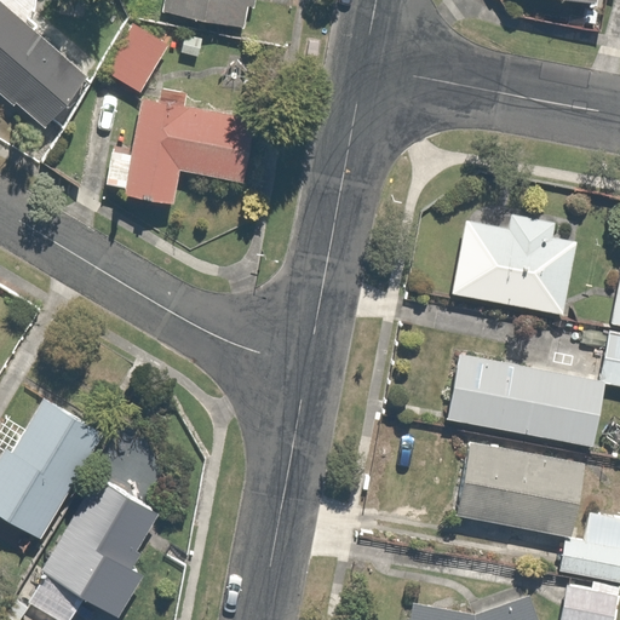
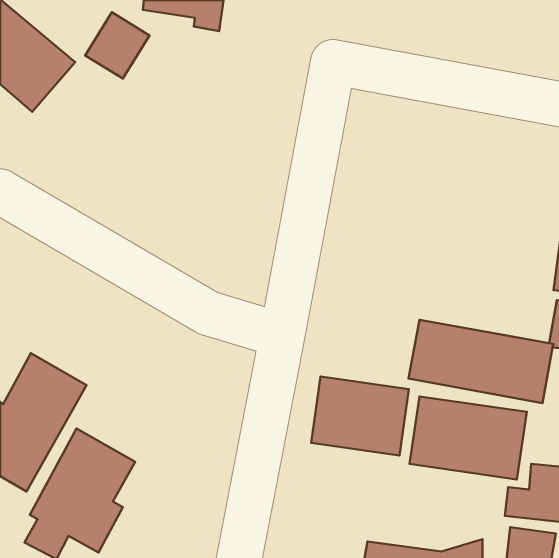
building: [105,101,251,202] -> none
building: [450,213,573,311] -> none
building: none -> [311,377,409,455]

